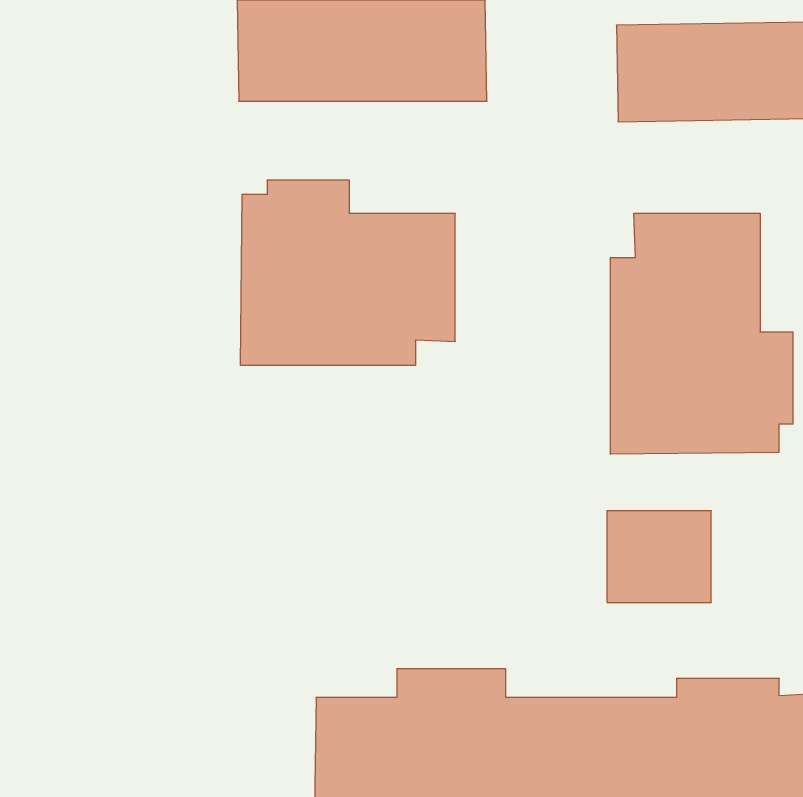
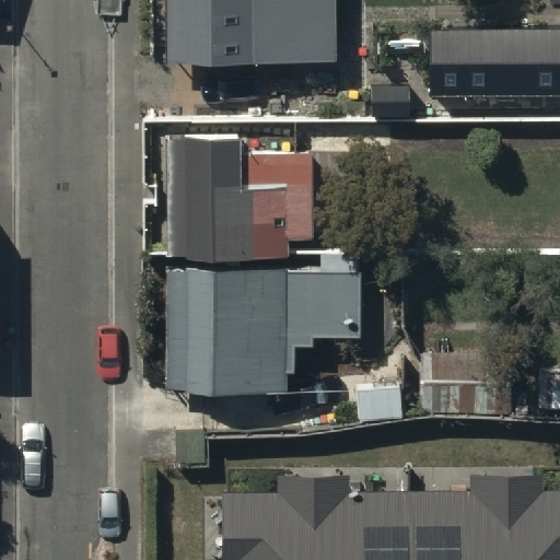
building: [610,213,793,454] -> none
building: none -> [167,269,360,392]

